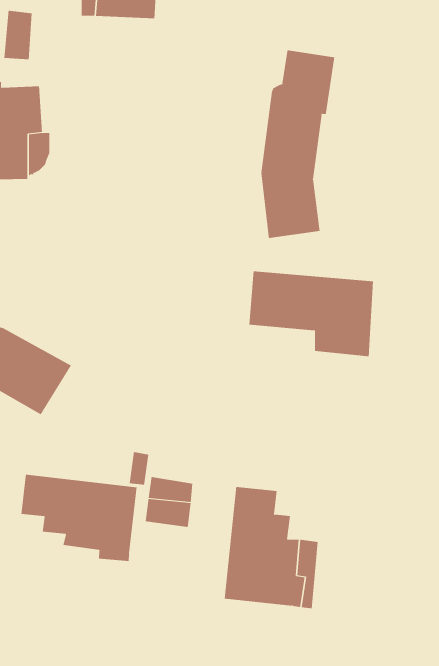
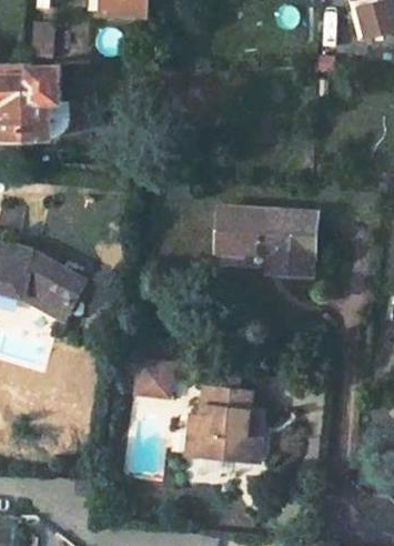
building: [261,49,335,239] -> none
building: [21,474,137,562] -> none

